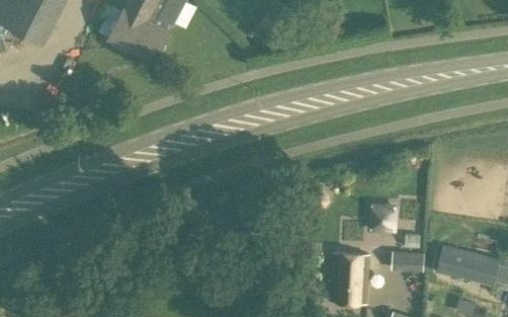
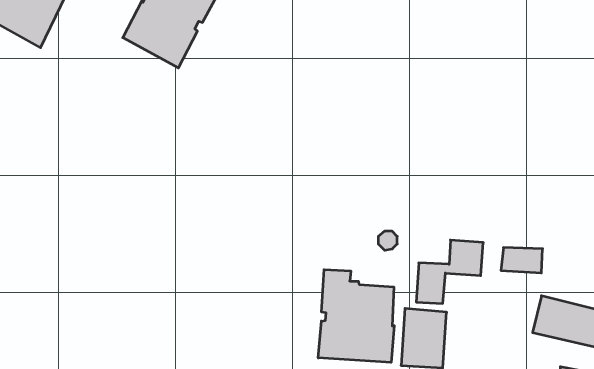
building: none -> [318,270,394,362]
building: [392,252,425,272] -> [501,248,543,273]

